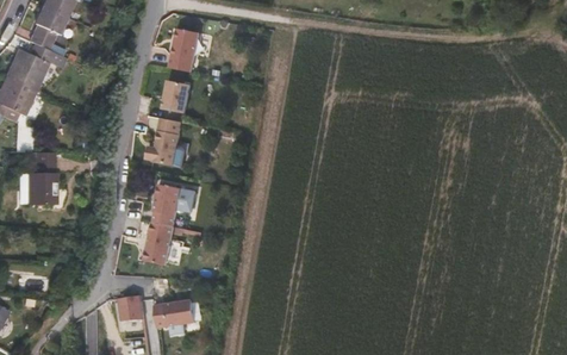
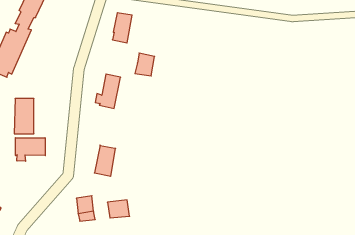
building: [161,79,189,112] -> [135,53,155,76]
building: [151,182,180,225] -> none
building: none -> [15,138,45,161]

